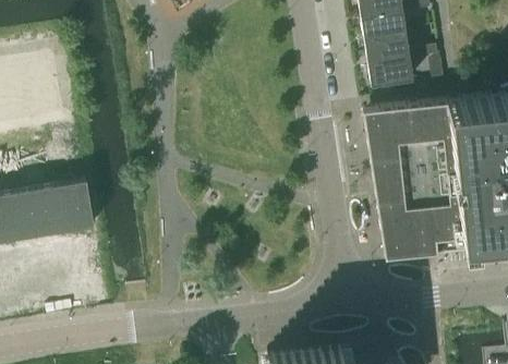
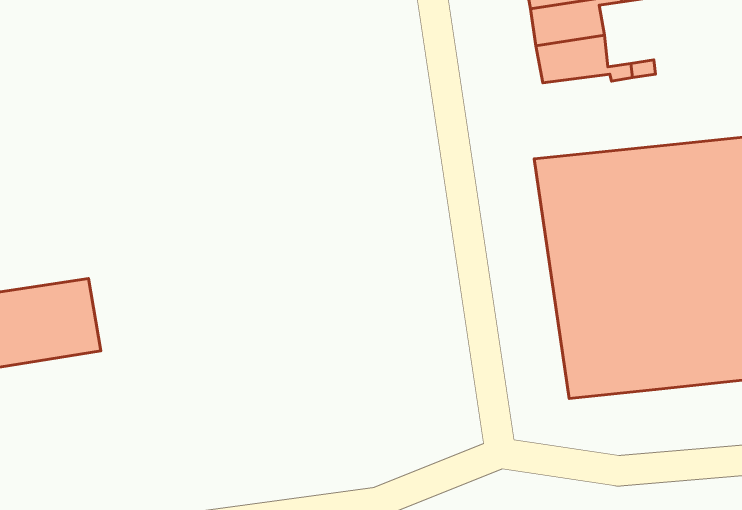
building: [370,59,414,89] -> none

